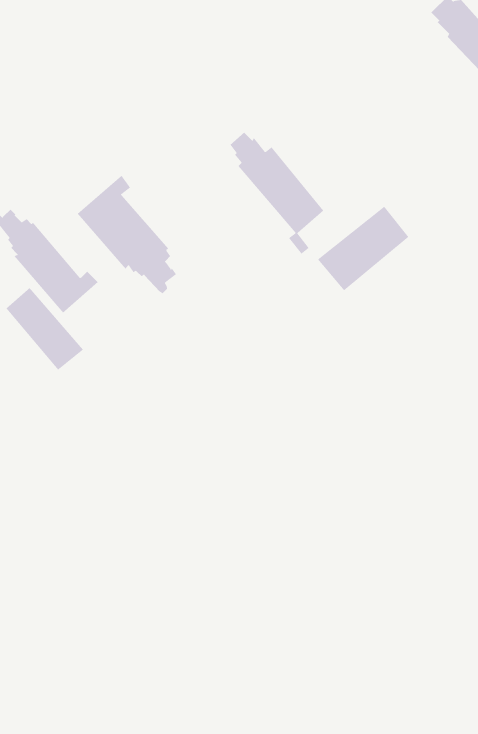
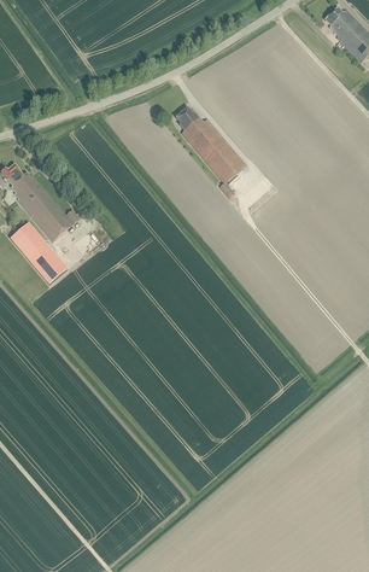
building: [77,175,177,294] -> none
building: [317,206,409,291] -> none

